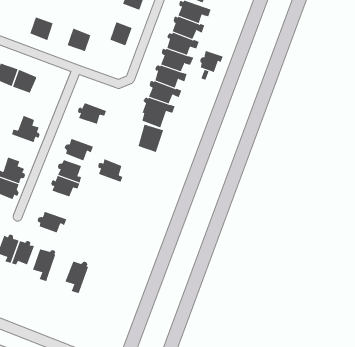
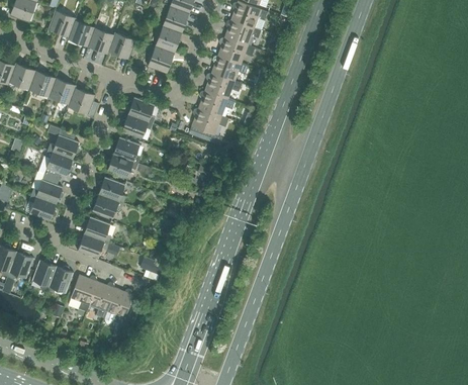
building: none -> [162,7,188,33]
building: none -> [46,11,74,39]
building: none -> [87,28,114,55]
building: none -> [147,46,173,74]
building: [200,50,223,73] -> none
building: none -> [67,89,97,119]
building: none -> [126,98,155,124]
building: [138,124,164,153] -> none
building: none -> [42,151,72,180]
building: [97,158,123,182] -> [111,137,139,164]
building: none -> [82,217,110,244]
building: none -> [88,282,114,319]

